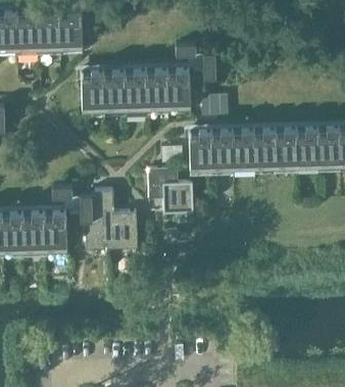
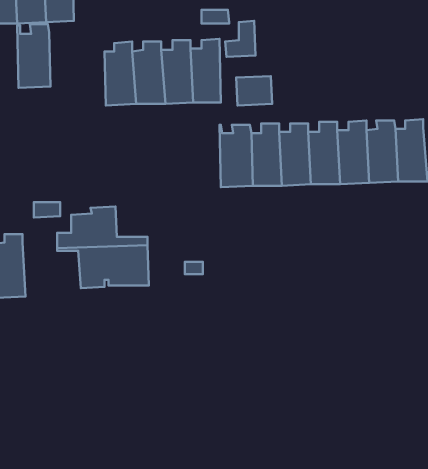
building: [81,66,105,113] -> [17,24,51,88]
building: [148,165,193,210] -> none
building: [44,206,66,253] -> none

